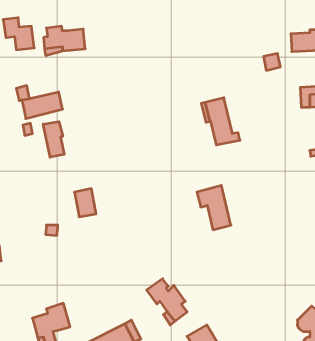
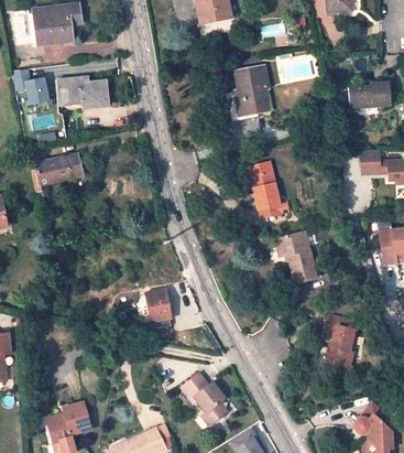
building: none -> [228,65,273,119]
building: [43,122,64,157] -> none
building: [197,185,231,230] -> [275,230,315,282]
building: [74,189,96,217] -> [145,289,171,322]
building: none -> [323,314,356,366]

